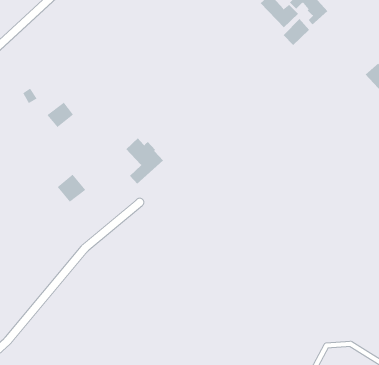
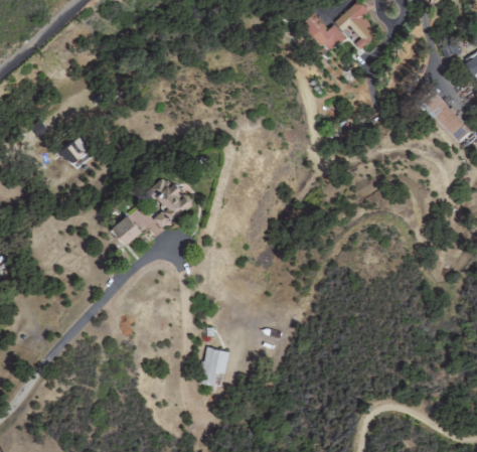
building: [283,18,310,46] -> none
building: [57,174,86,202] -> [110,213,143,246]
building: none -> [199,347,229,387]

